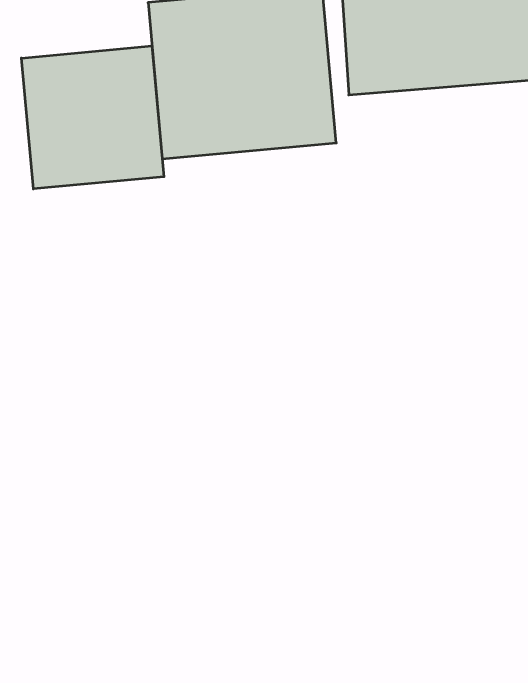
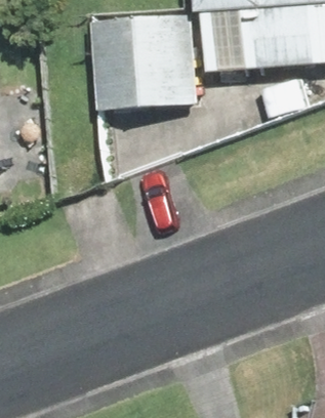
building: [21,46,164,189] -> none

